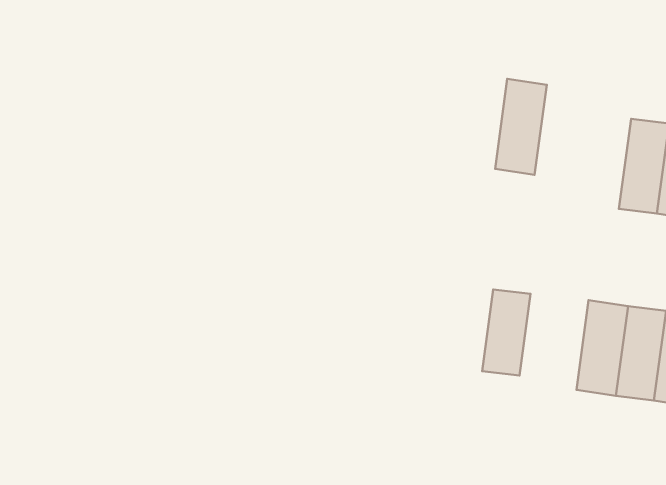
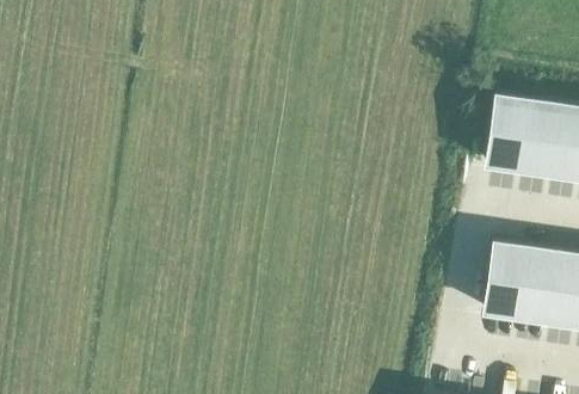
building: [495,79,547,175] -> [487,96,528,171]
building: [482,289,530,376] -> none

